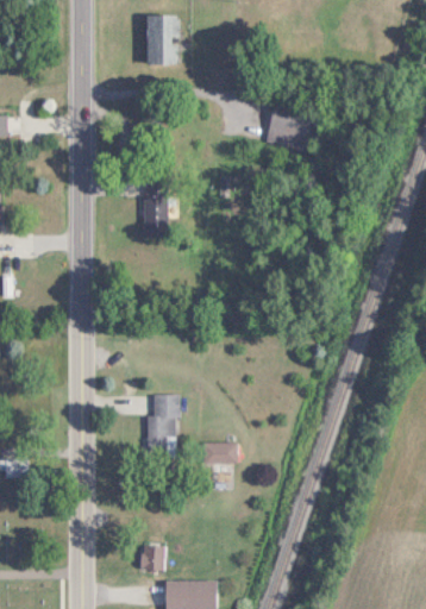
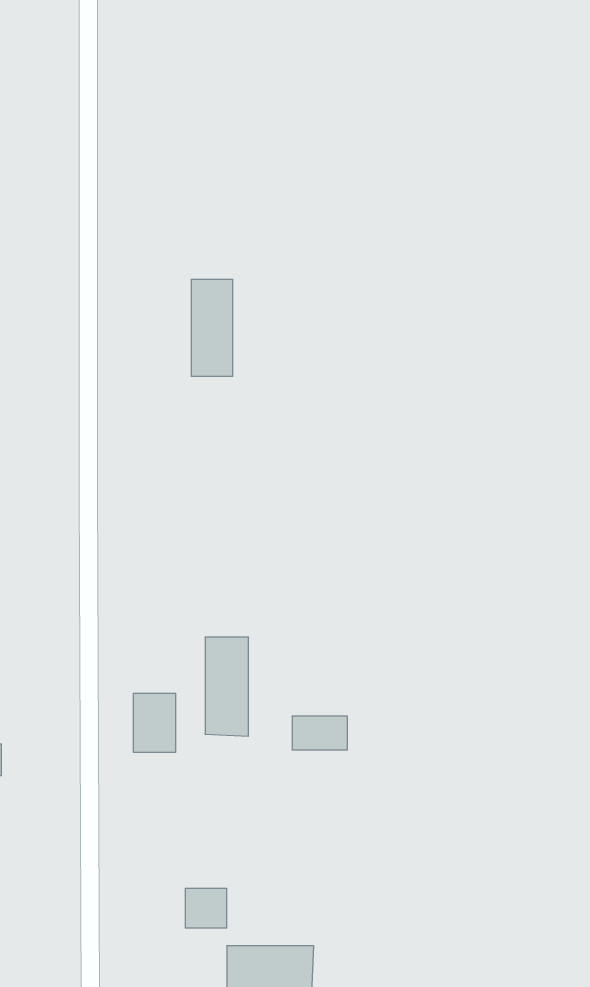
building: [145,17,178,65] -> none
building: [265,103,314,152] -> none
building: none -> [134,693,176,752]

